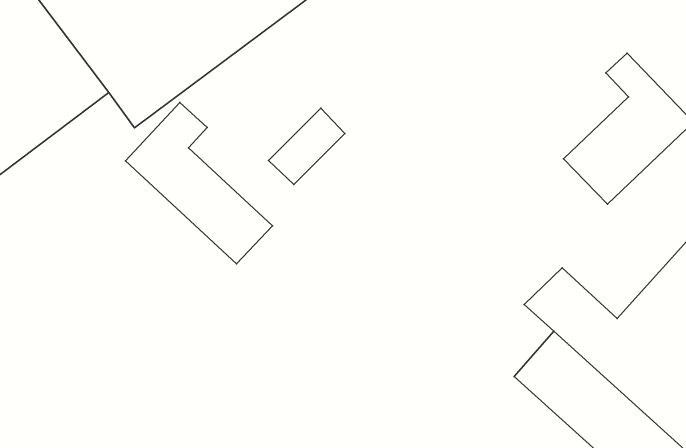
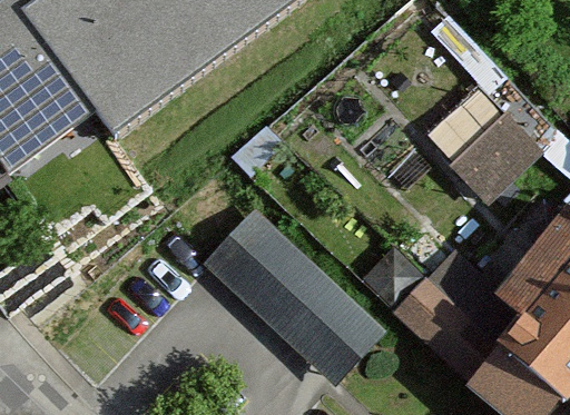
building: [125,102,273,264] -> none
building: none -> [209,194,395,374]

